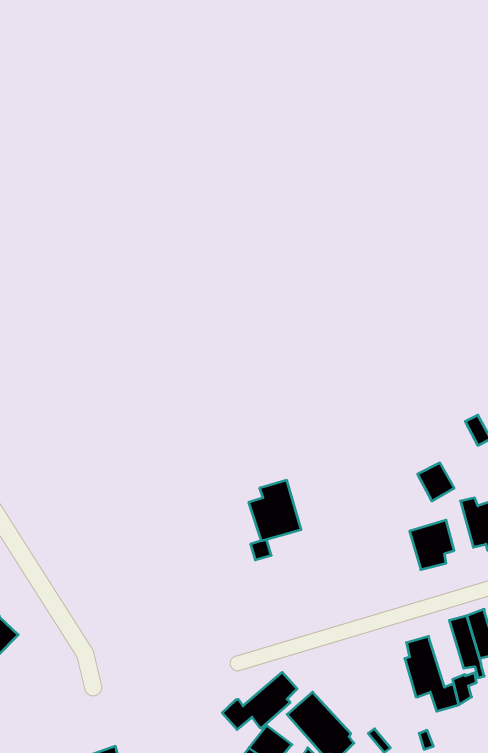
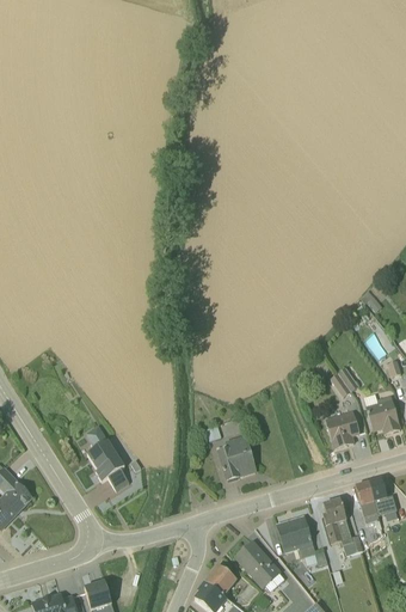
building: [249,480,301,541] -> [216,434,256,479]
building: none -> [85,426,129,490]
building: none -> [275,514,315,557]
building: [222,672,297,730] -> none

